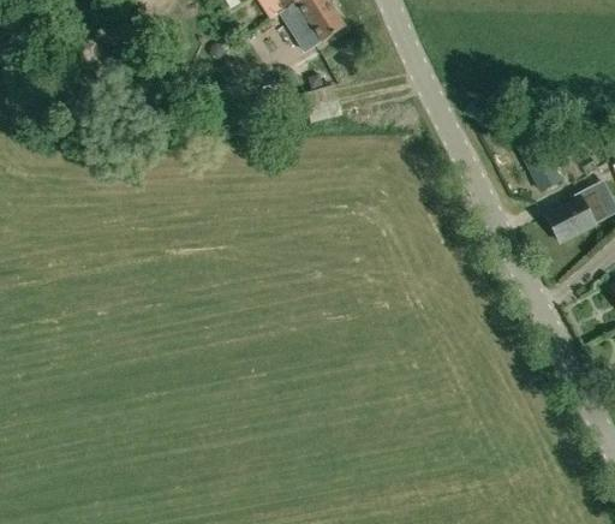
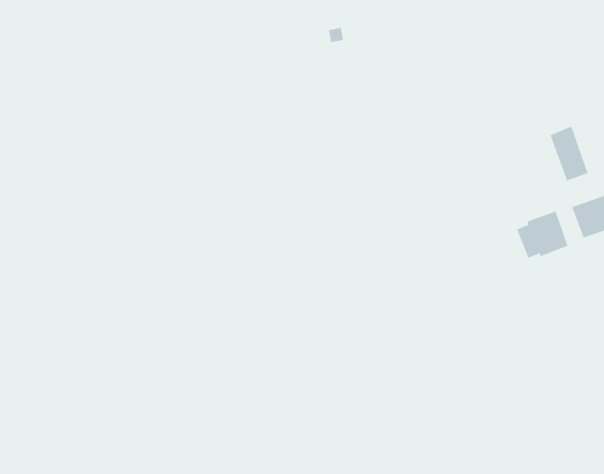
building: none -> [516,211,569,259]

